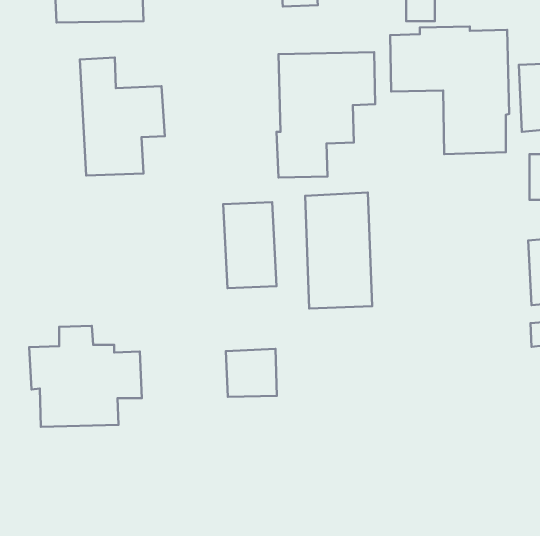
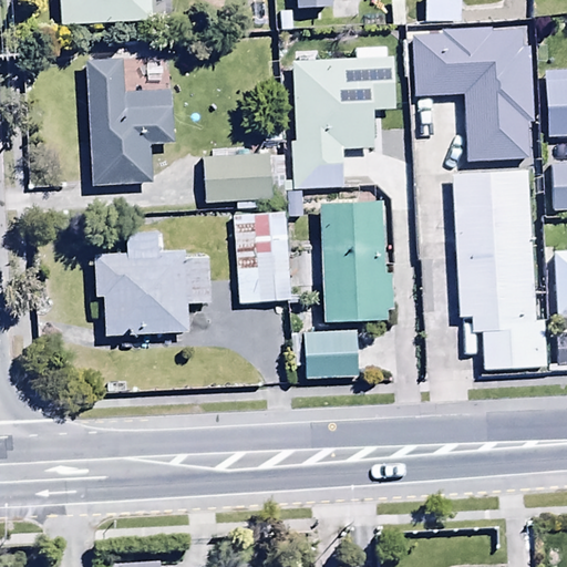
building: none -> [205,153,272,200]
building: none -> [454,171,546,369]
building: [29,326,142,427] -> [94,228,212,333]
building: [226,349,277,397] -> [305,328,358,378]

